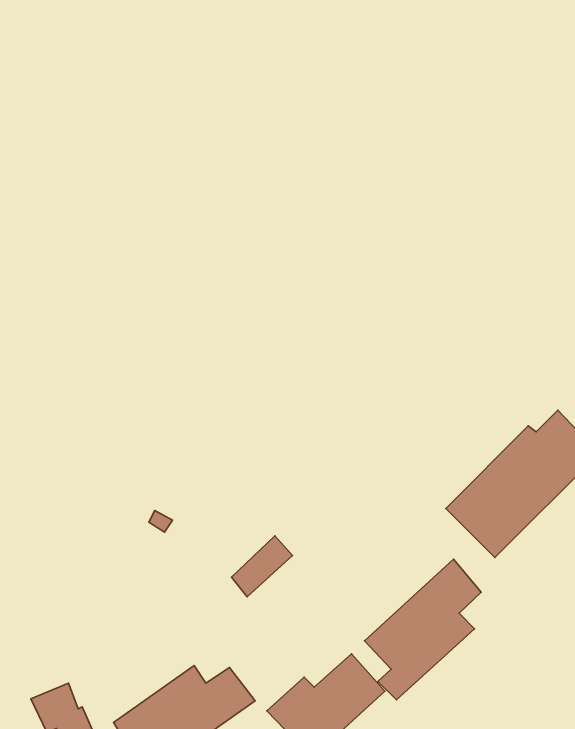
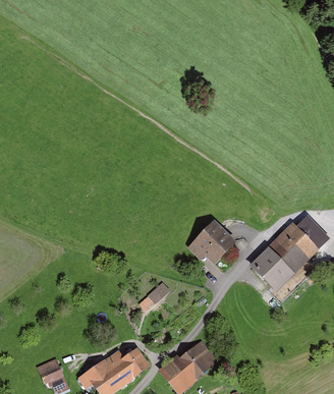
building: none -> [188,221,235,263]
building: [365,559,481,700] -> none

